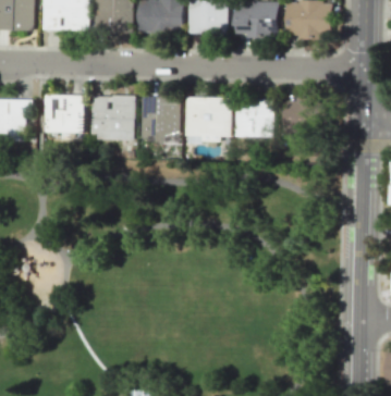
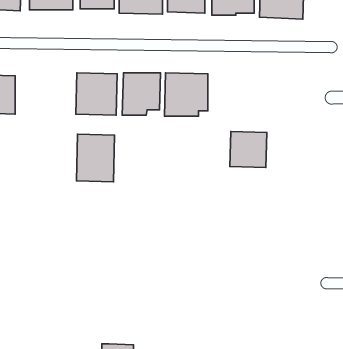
building: [42,96,83,134] -> none
building: [283,99,317,129] -> none
building: [235,100,274,138] -> [230,131,267,168]
building: none -> [76,134,115,182]

